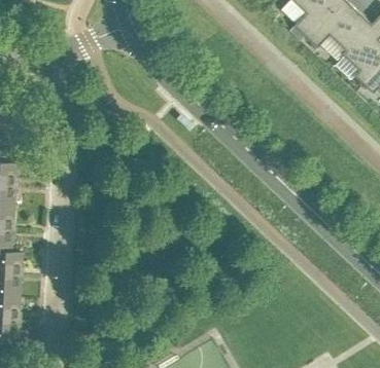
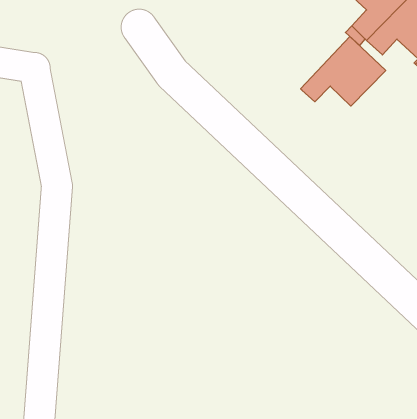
building: none -> [301,36,386,106]

